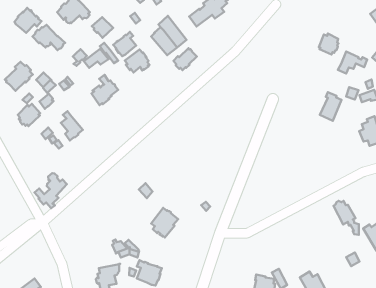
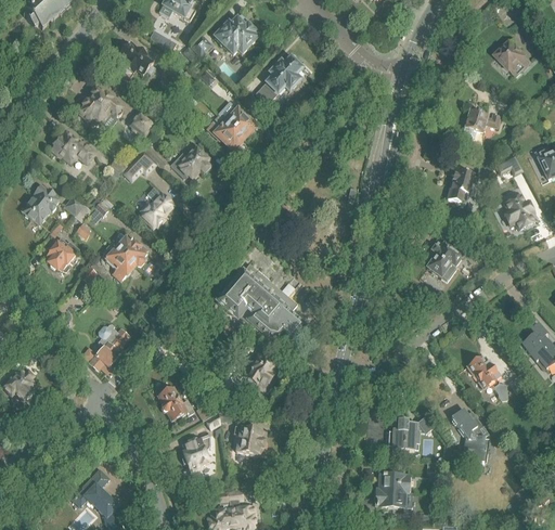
building: [14,8,42,33] -> none
building: [113,32,136,56] -> none
building: [319,34,338,55] -> none
building: [174,48,197,70] -> none
building: none -> [115,234,146,264]
building: none -> [208,263,305,342]
building: none -> [426,238,461,281]
building: [334,201,359,235] -> [467,356,506,398]
building: none -> [157,386,193,422]

